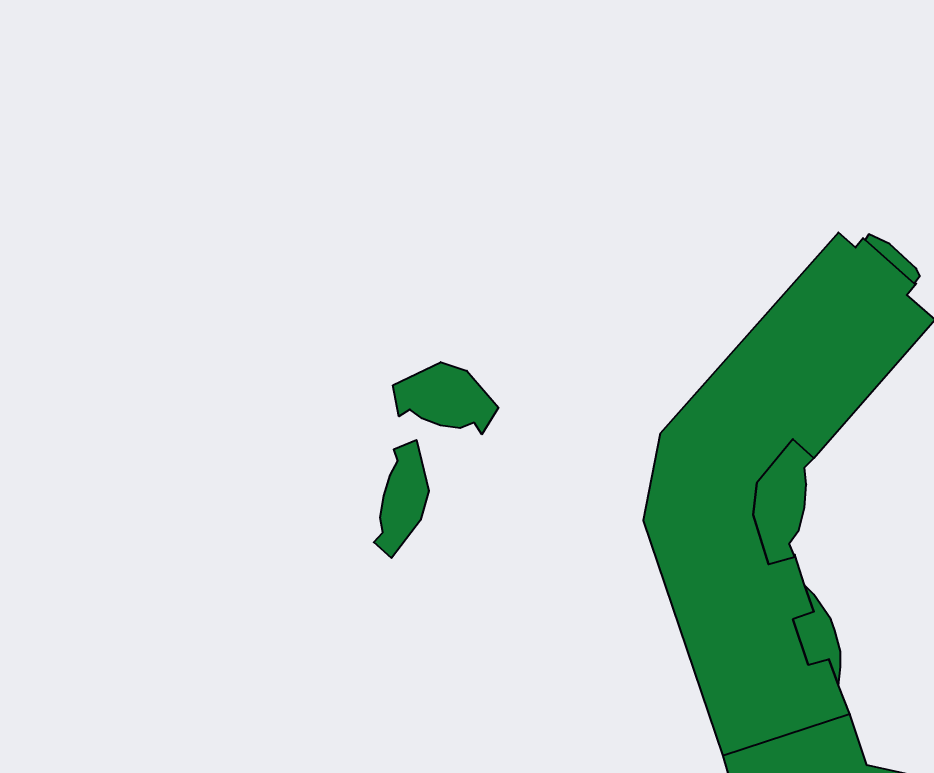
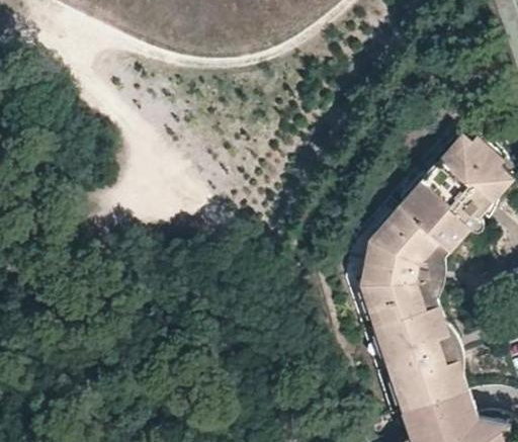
building: [393,362,498,434] -> none
building: [374,440,429,558] -> none

